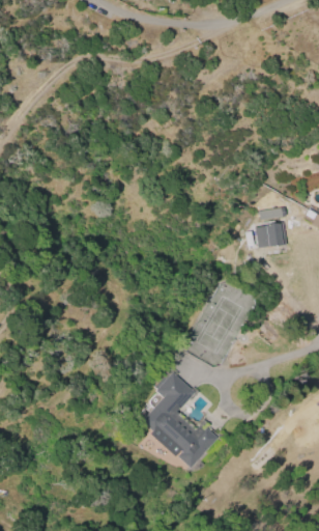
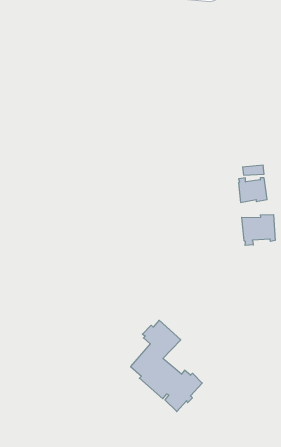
building: none -> [242,215,275,245]

